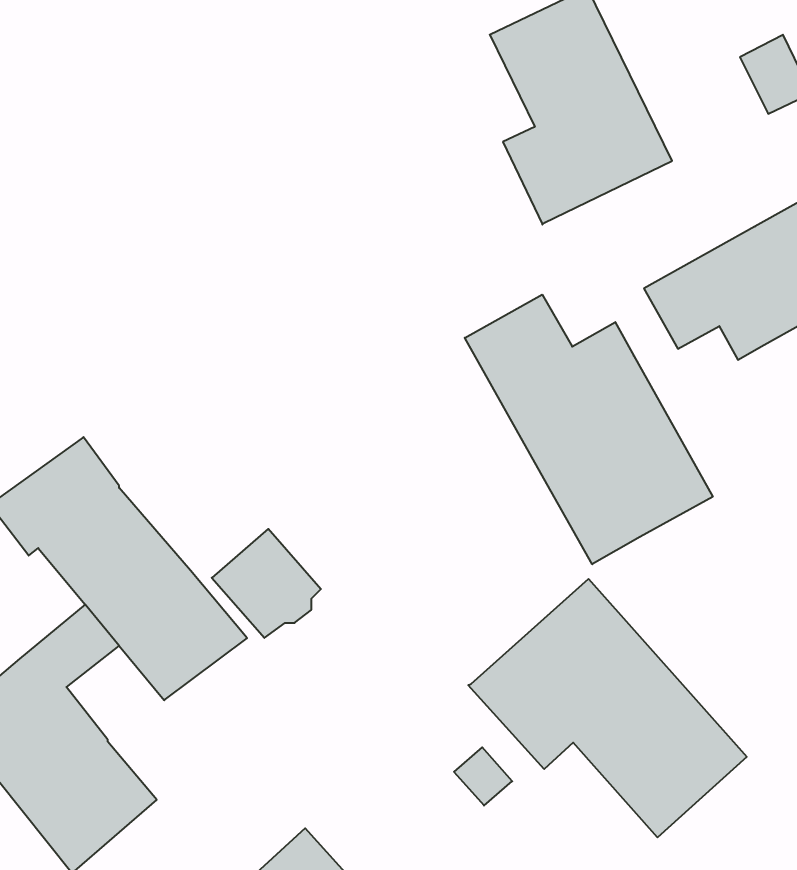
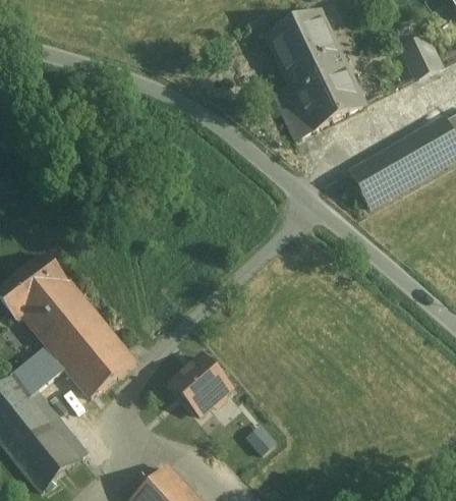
building: [465,295,713,564] -> none
building: [212,529,321,638] -> [171,355,230,414]
building: [468,579,747,837] -> none

